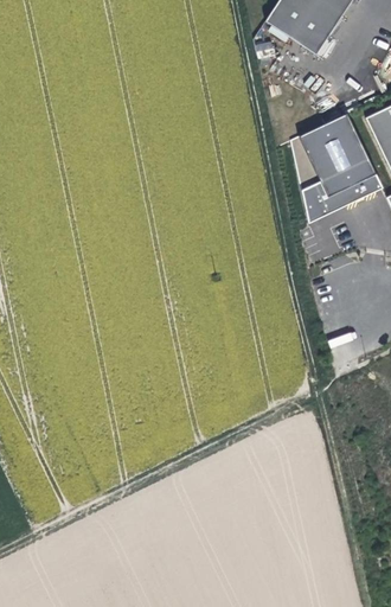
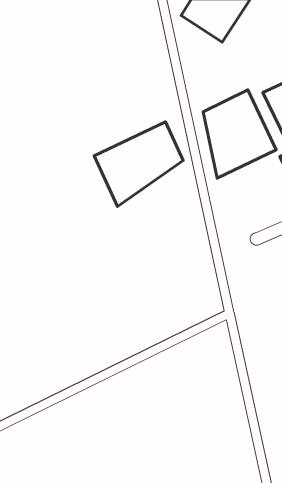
building: none -> [94,122,183,206]

